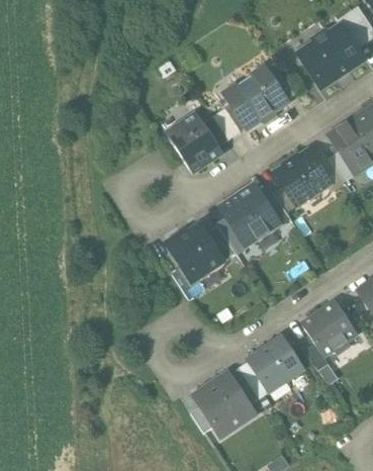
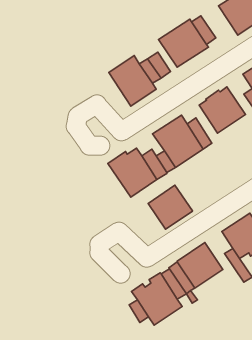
building: none -> [148,185,192,229]

